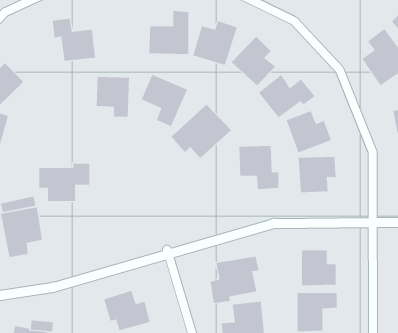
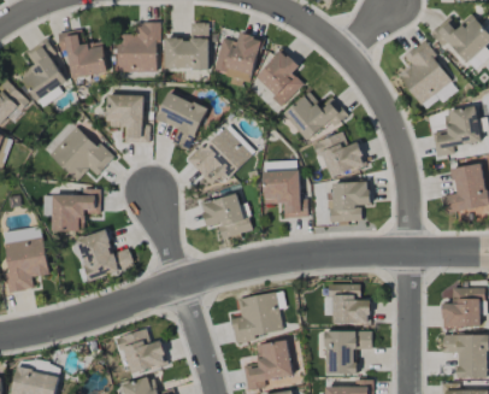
building: none -> [117,22,160,72]
building: none -> [22,40,66,101]
building: none -> [43,120,112,181]
building: none -> [200,194,252,240]
building: none -> [76,229,134,281]

